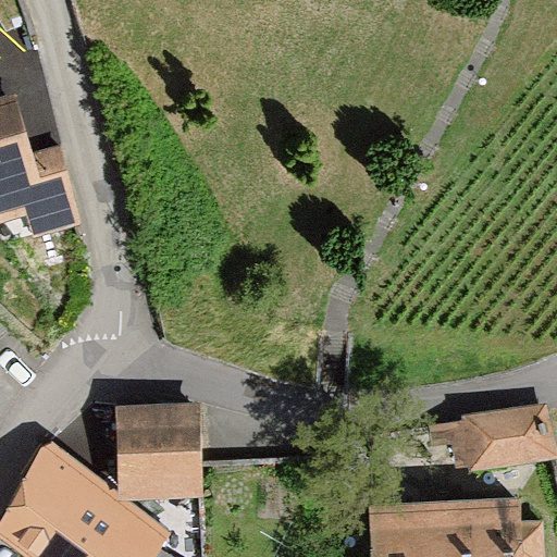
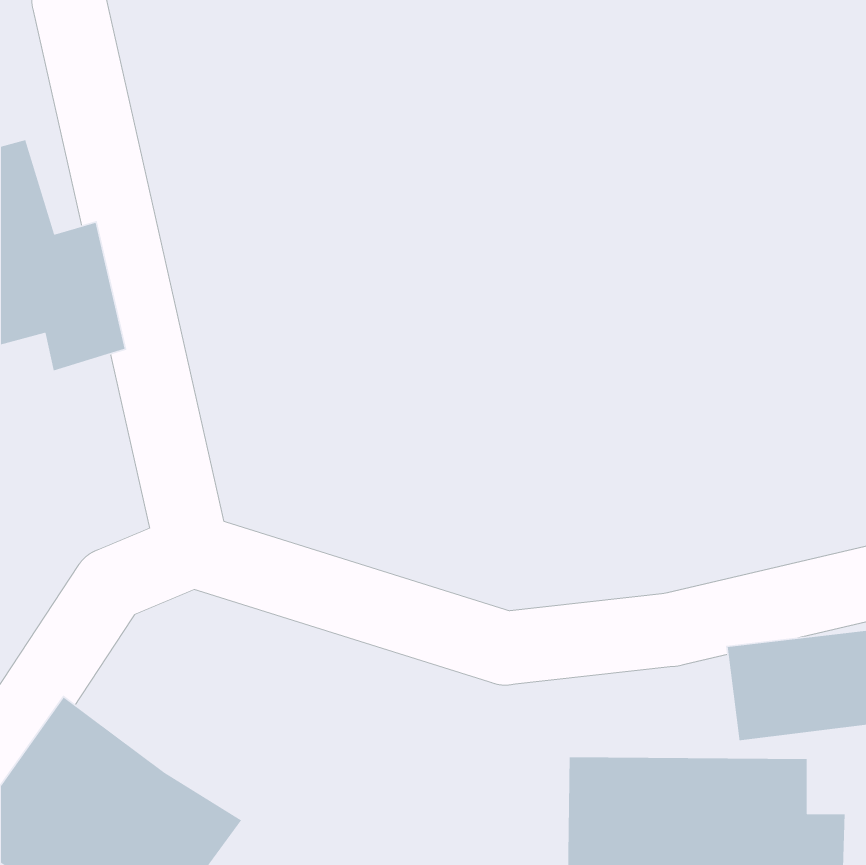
building: [112,396,194,497] -> none

